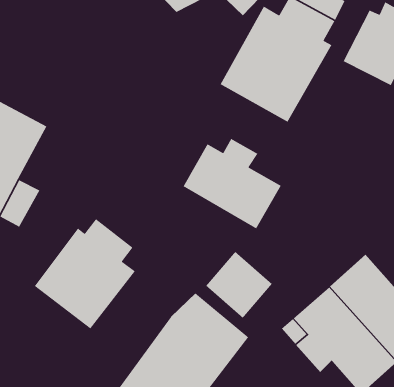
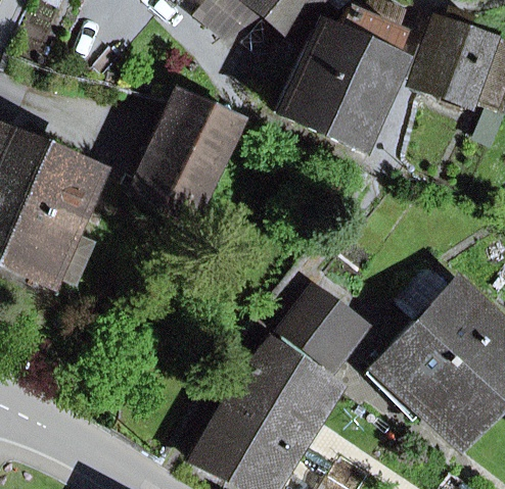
building: none -> [136,89,243,219]
building: [182,138,282,229] -> none
building: [34,218,136,330] -> none

